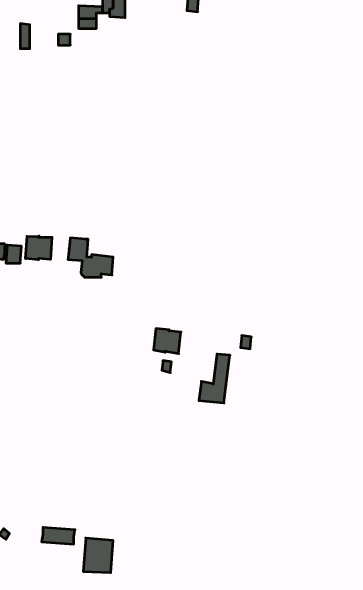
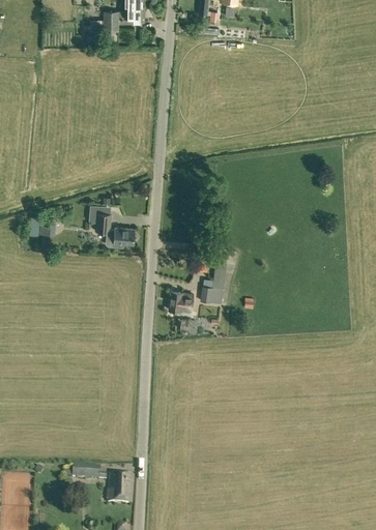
building: [26,236,52,260] -> none
building: [199,354,230,403] -> [200,261,227,303]

